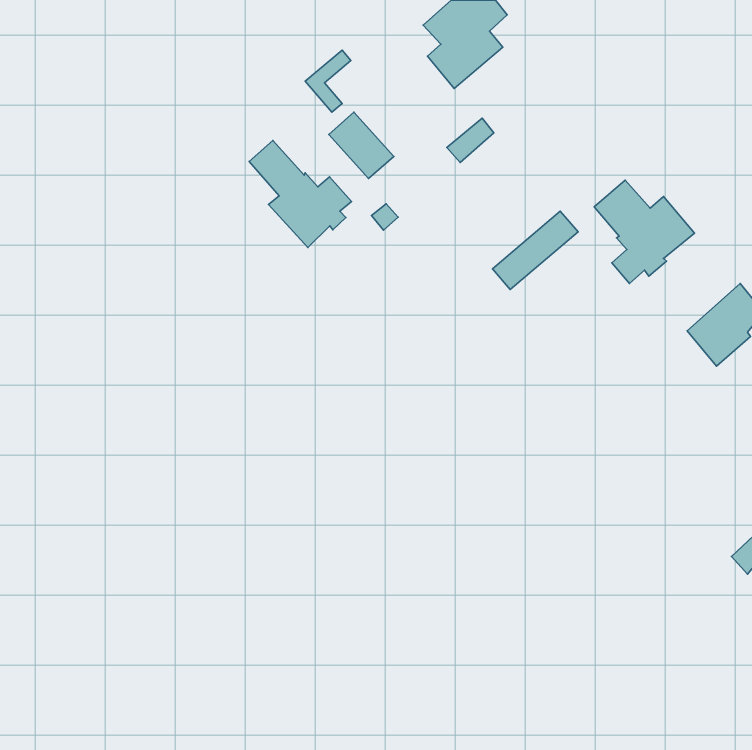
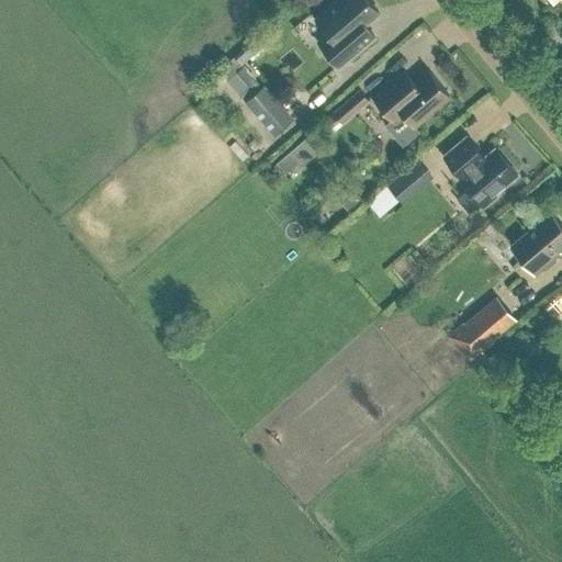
building: none -> [373,72,450,145]
building: [249,140,351,248] -> none
building: none -> [450,297,517,361]

